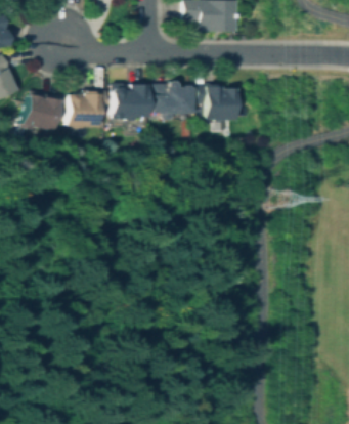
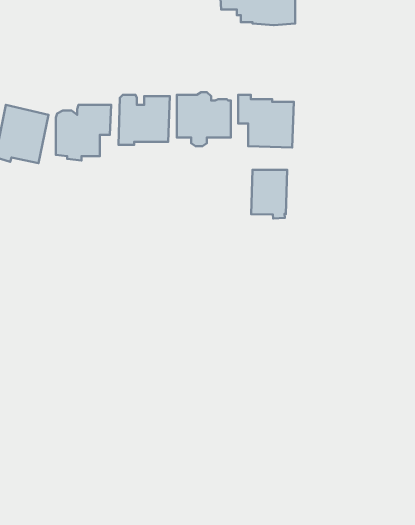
building: none -> [251,170,287,219]

